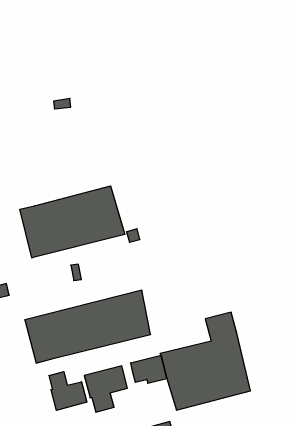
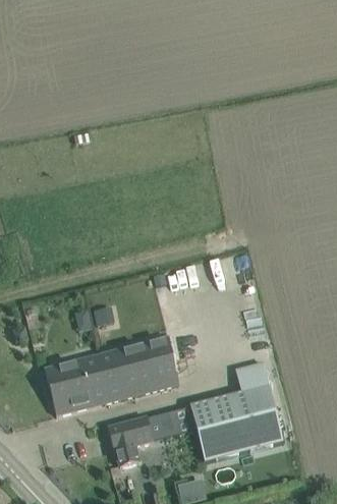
building: [20,186,125,258] -> none
building: [49,372,87,410] -> none

